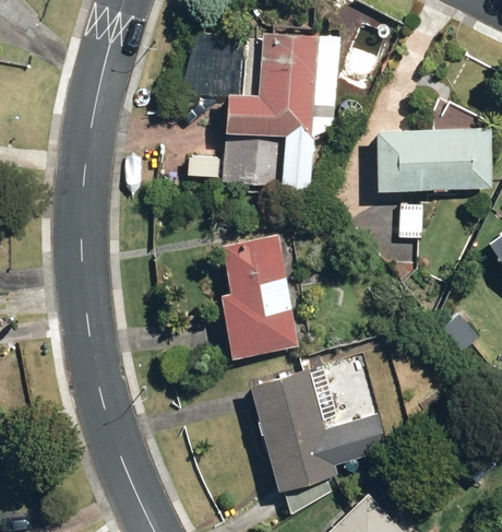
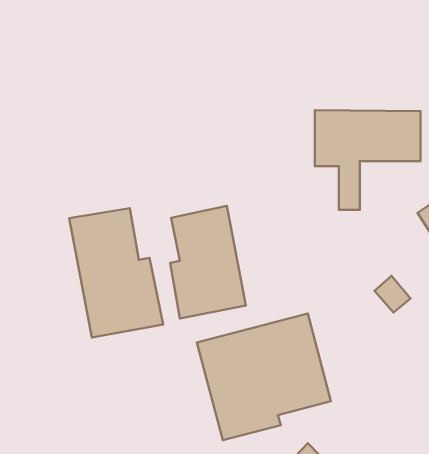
building: [223,31,345,194] -> none
building: none -> [69,208,163,338]

